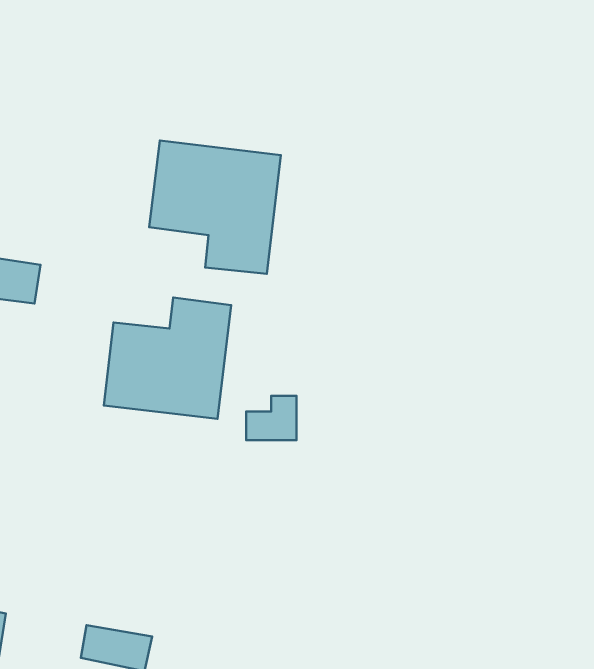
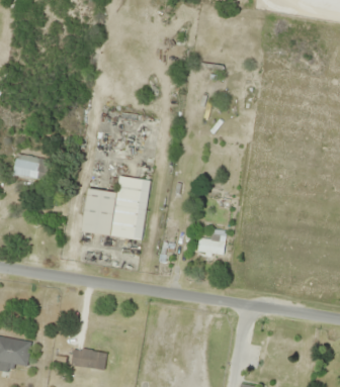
building: [149,141,281,274] -> none
building: [246,396,296,440] -> [197,230,224,254]

